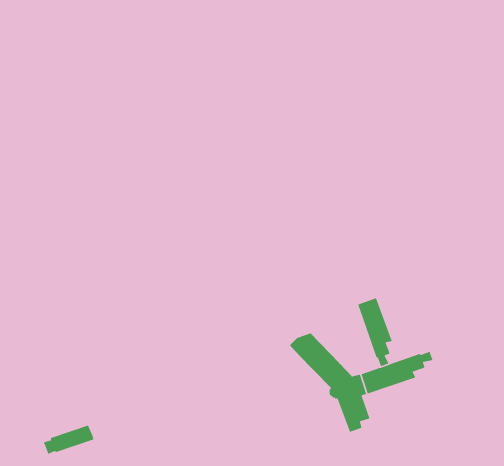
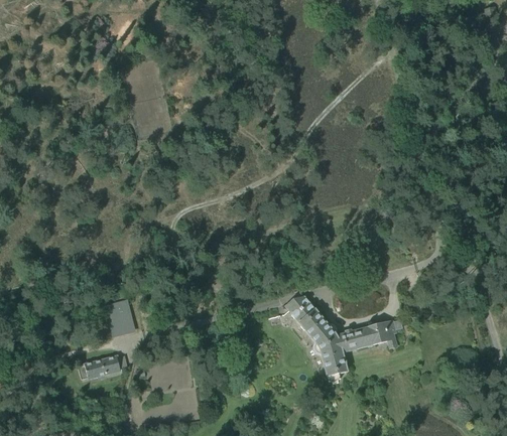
building: [357,297,393,367] -> none
building: none -> [105,300,133,334]

